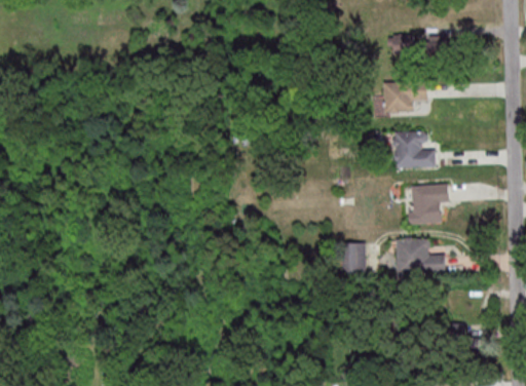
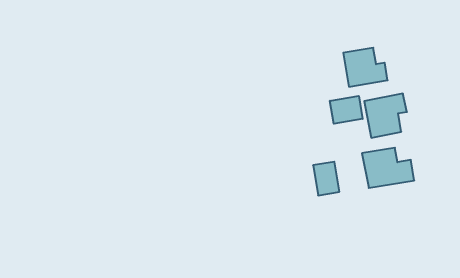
building: [382,85,415,112] -> none
building: none -> [330,96,363,124]

